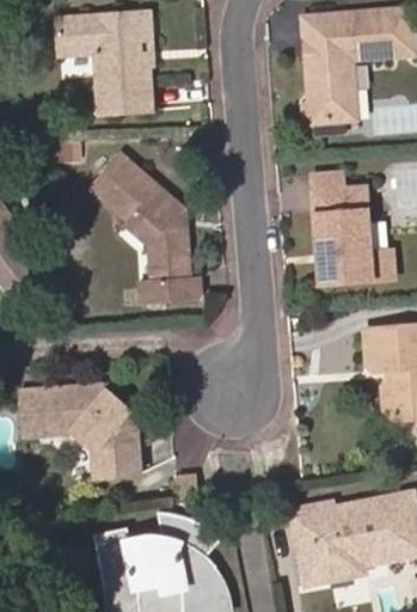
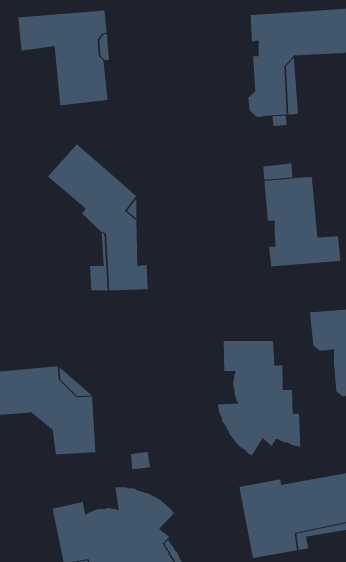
building: none -> [217,340,301,456]

